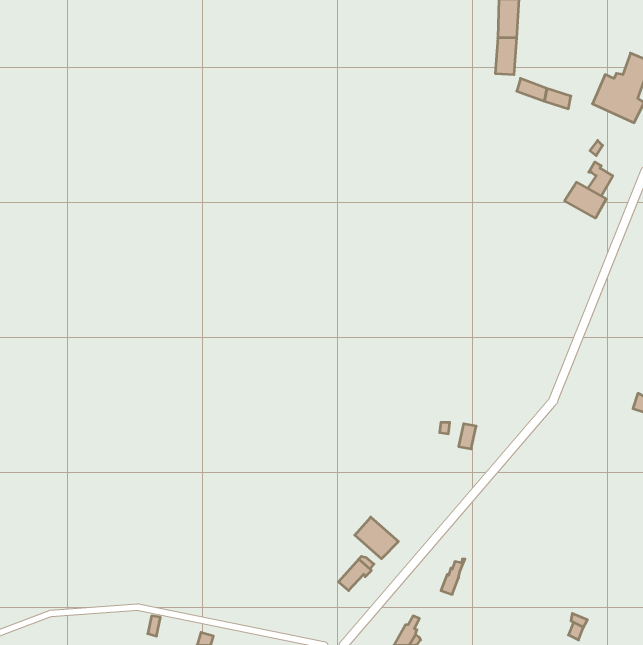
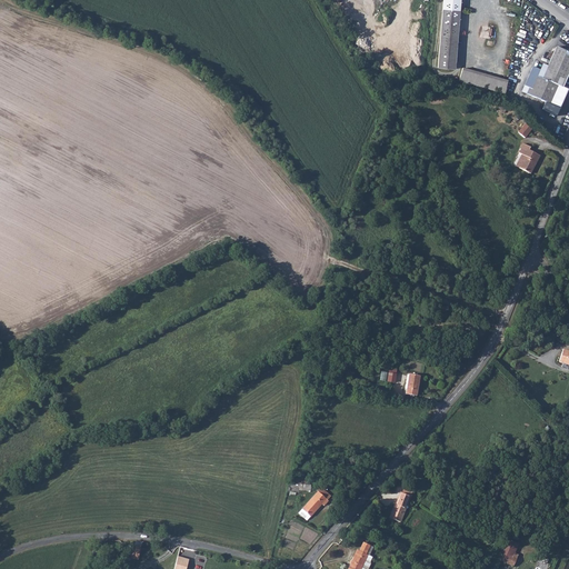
building: [565,182,606,218] -> none
building: [355,517,398,559] -> none

